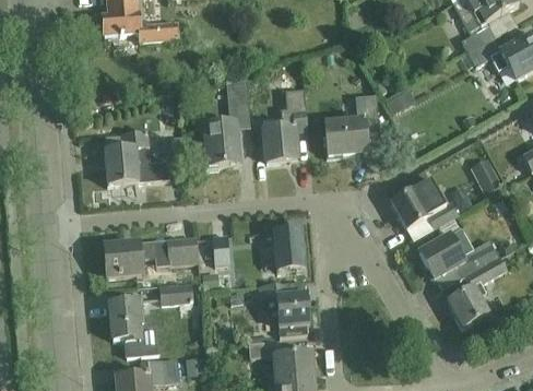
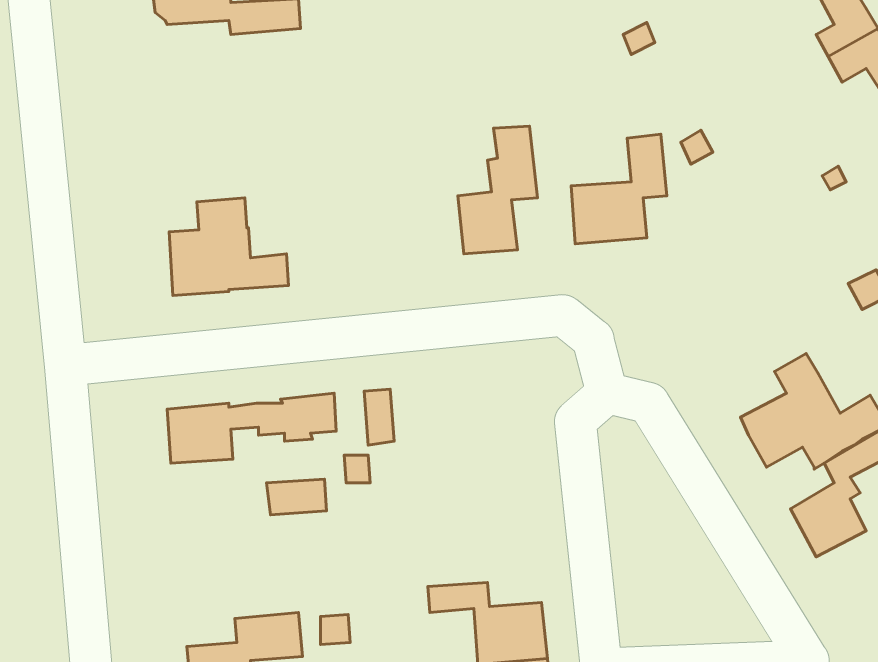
building: [204,78,250,166] -> none
building: [391,179,458,239] -> none
building: [274,227,304,269] -> none
building: [259,282,309,333] -> none
building: [109,298,158,356] -> none

